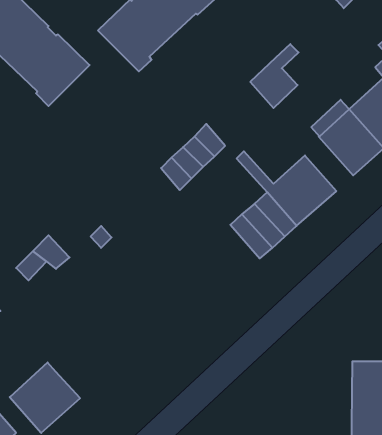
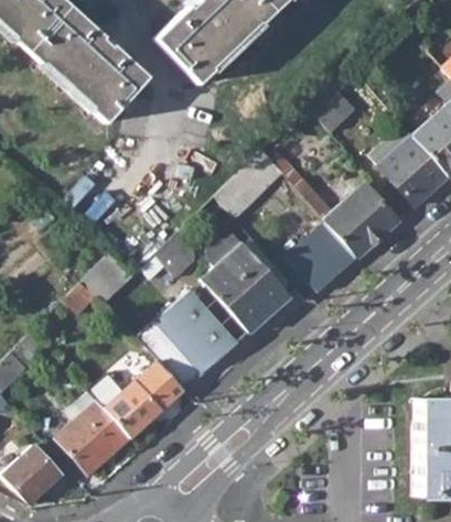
building: none -> [201,231,290,328]
building: none -> [157,232,200,280]
building: none -> [138,289,237,387]
building: none -> [89,367,176,436]

